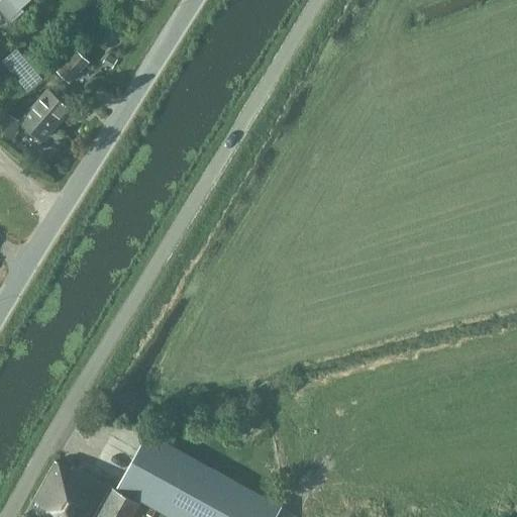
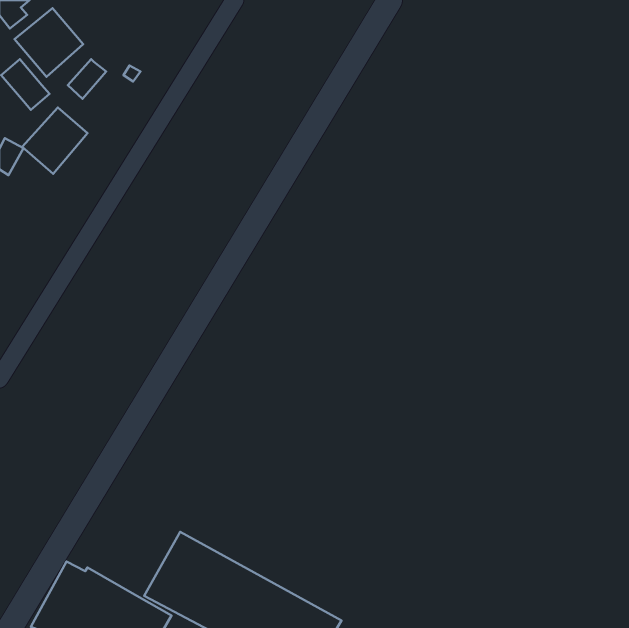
building: none -> [14,8,83,77]

